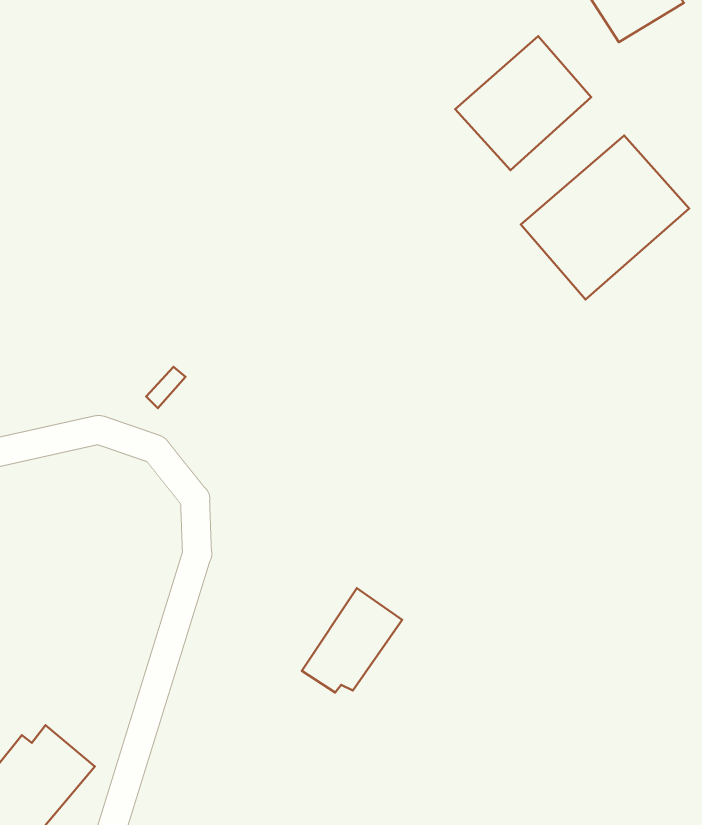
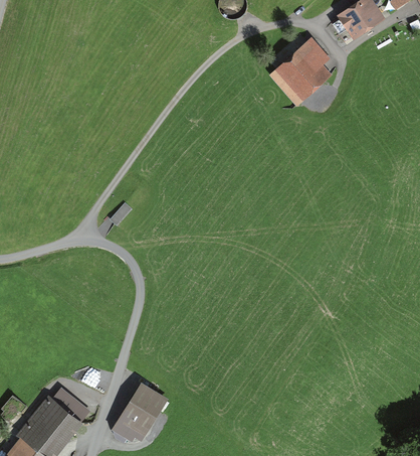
building: [521,136,689,300] -> none
building: [302,588,402,693] -> [114,383,165,436]

